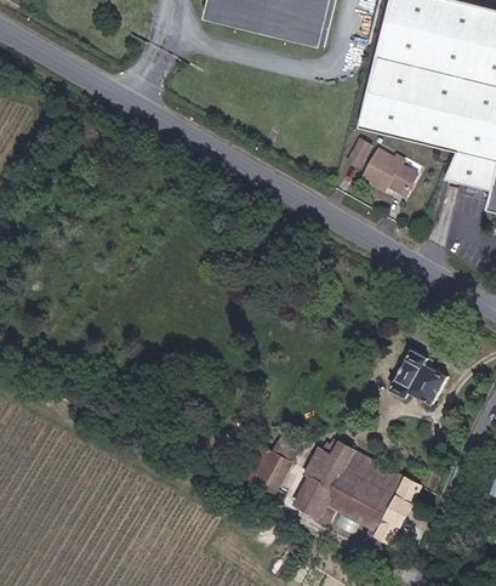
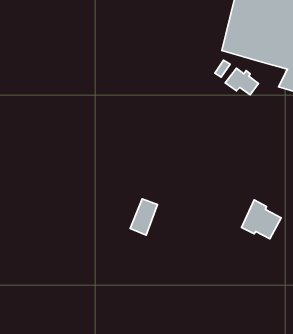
building: [256,437,297,491] -> [130,199,158,235]
building: [293,442,421,544] -> none

